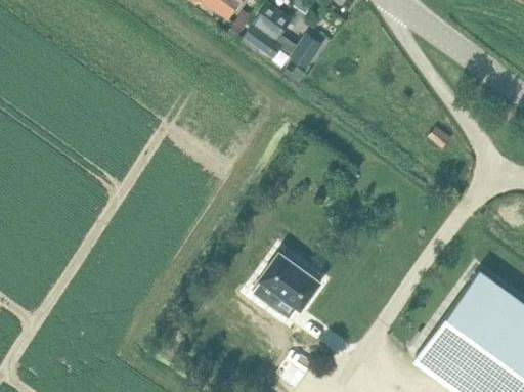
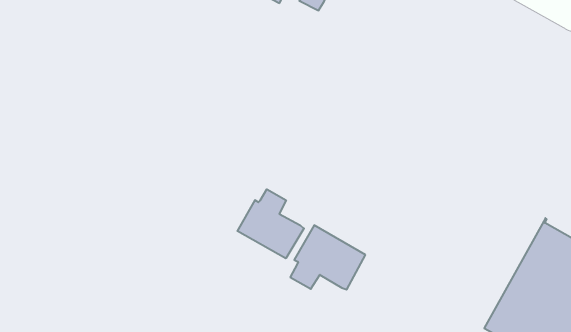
building: none -> [237,189,304,258]

